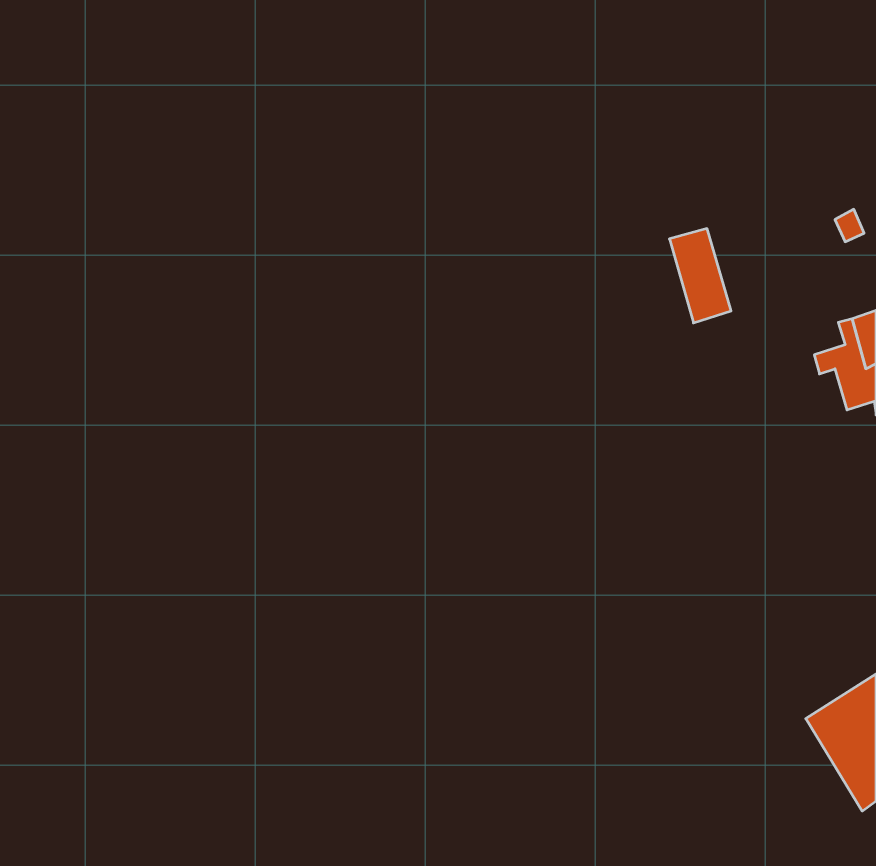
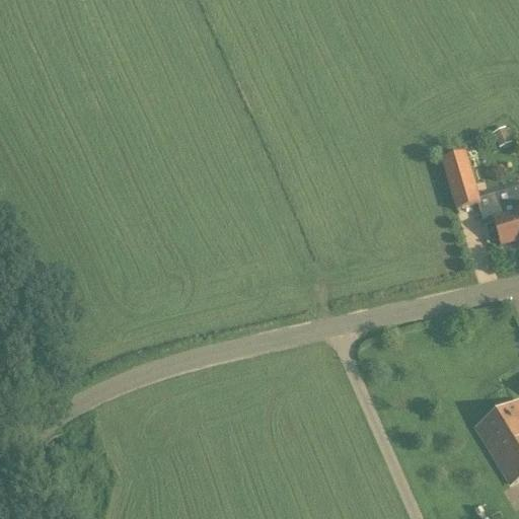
building: [669,229,731,323] -> [442,151,478,207]

